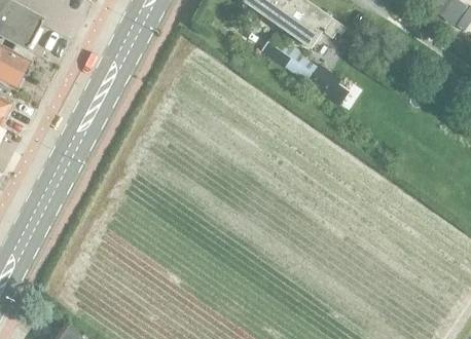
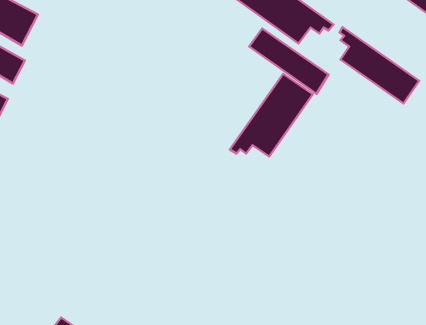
building: none -> [340,27,419,103]
building: none -> [230,74,313,156]

